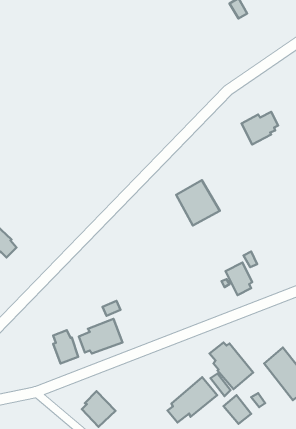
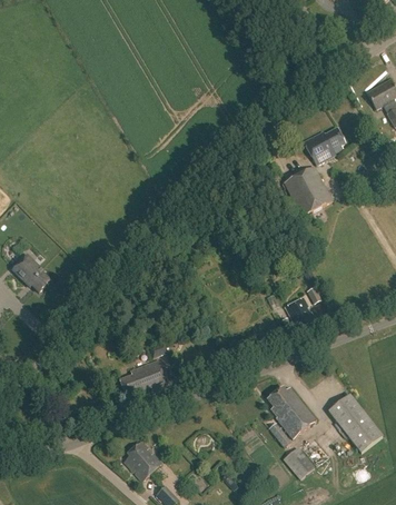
building: [176,180,220,226] -> [284,165,333,216]
building: [53,330,78,363] -> none
building: [168,377,217,423] -> none

